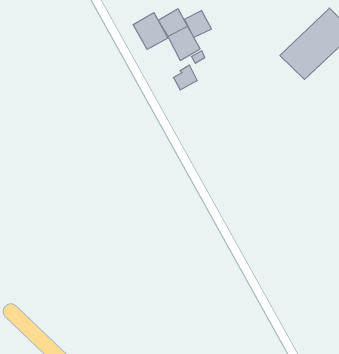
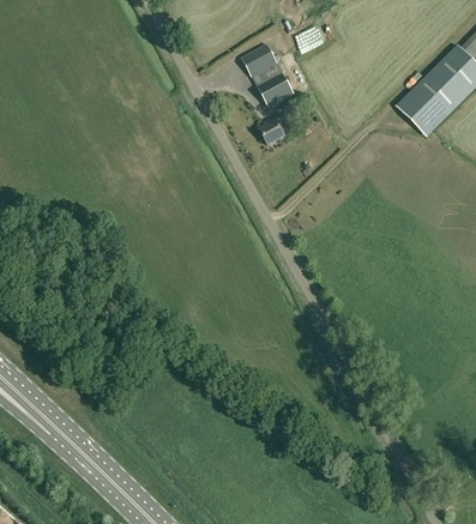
building: [185,10,211,38] -> none
building: [133,13,168,49] -> none

